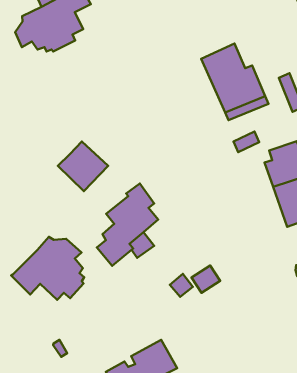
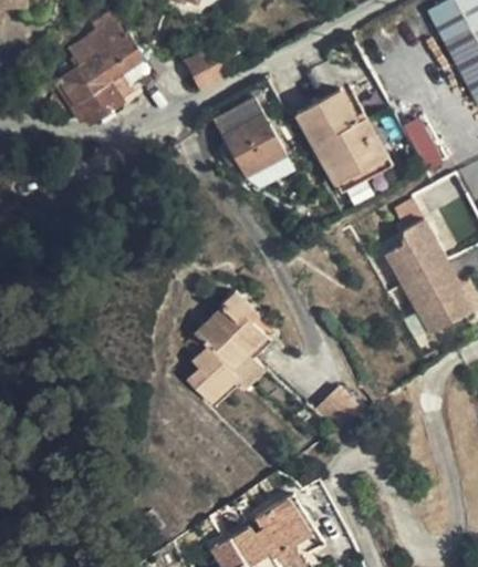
building: none -> [185,48,226,92]
building: none -> [212,94,288,175]
building: [58,141,108,191] -> none
building: [11,237,84,300] -> none

